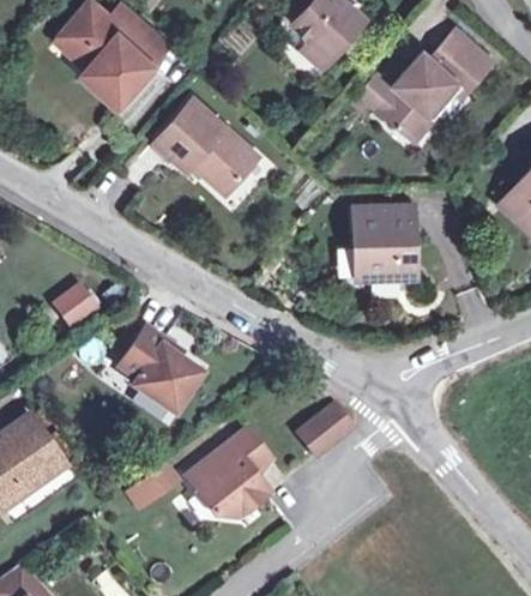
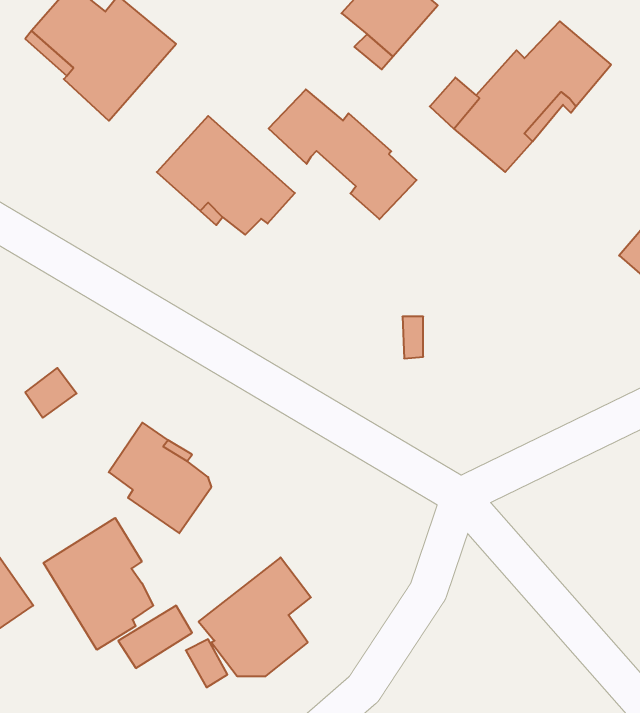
building: none -> [269,89,417,219]
building: [354,204,416,278] -> none
building: none -> [44,518,153,650]
building: [298,405,352,457] -> none

